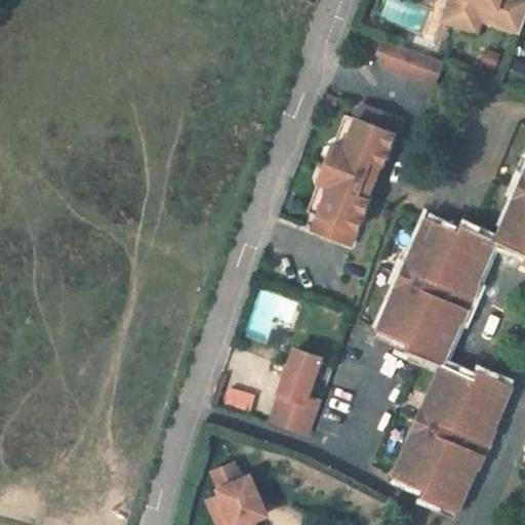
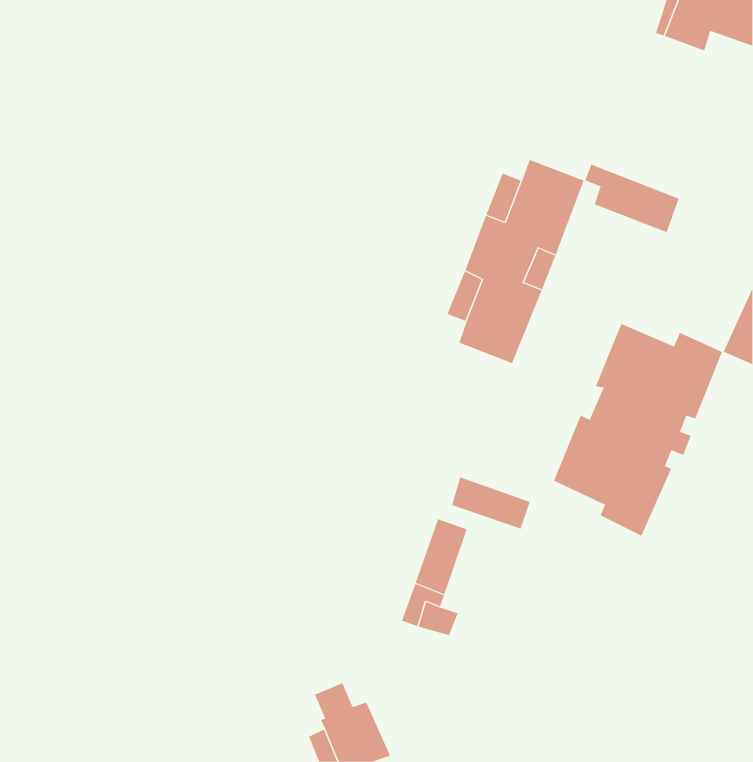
building: [380,40,445,87] -> [585,164,679,233]
building: none -> [451,476,531,530]
building: [395,368,510,511] -> none

